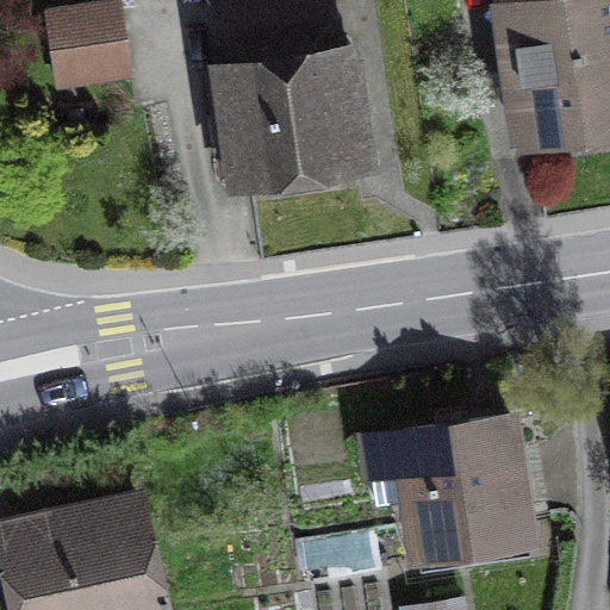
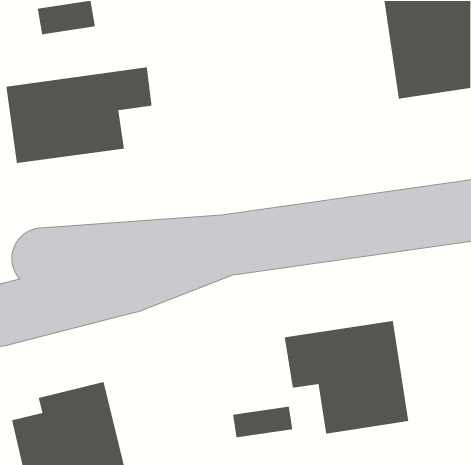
building: [214,23,372,174] -> none
building: none -> [5,67,153,164]

